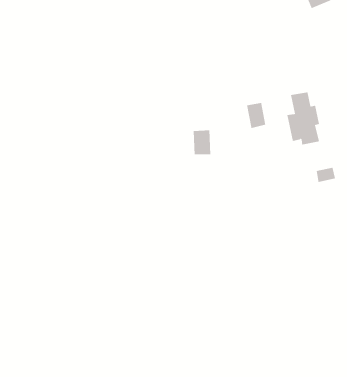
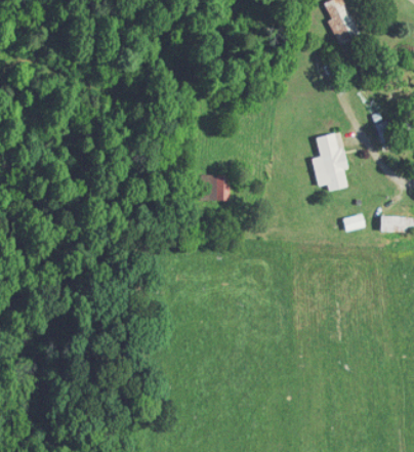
building: [246,102,266,129] -> none

